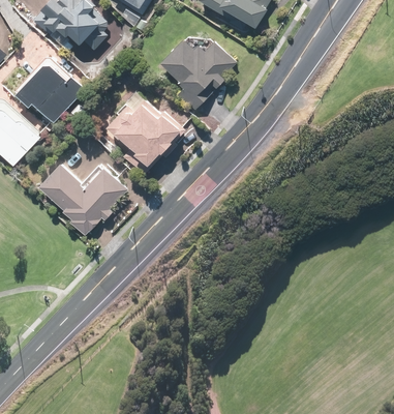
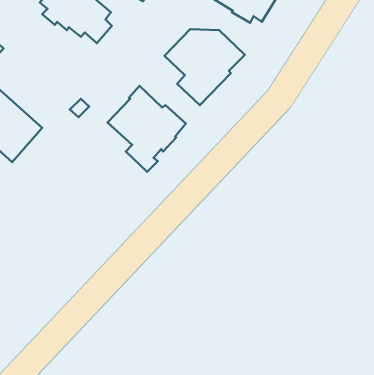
building: [13,62,83,122] -> none
building: [37,161,128,236] -> none

